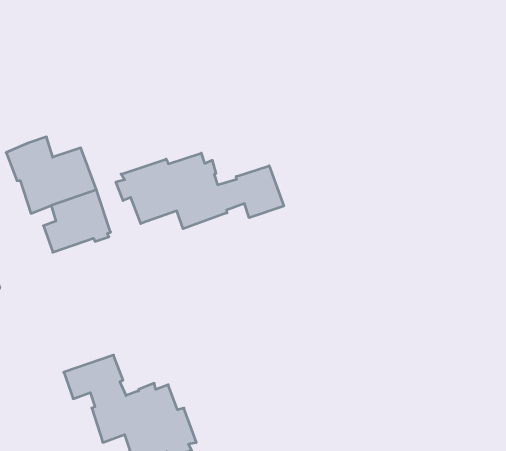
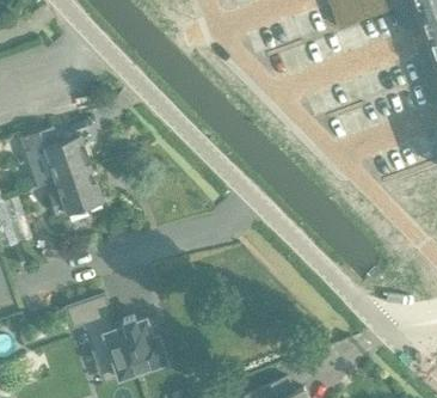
building: [116,153,284,229] -> none

